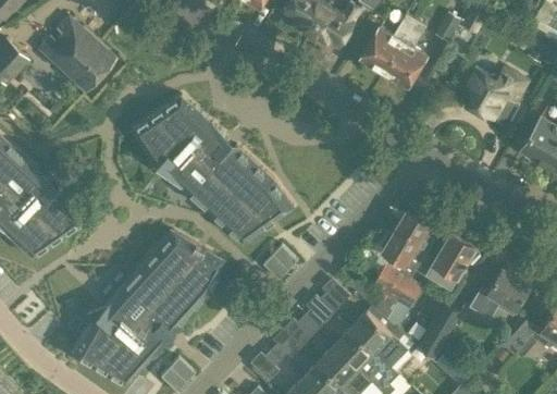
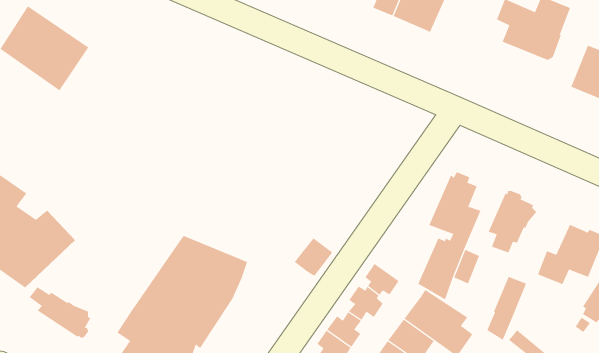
building: [132,95,293,244] -> none
building: none -> [29,286,91,338]

